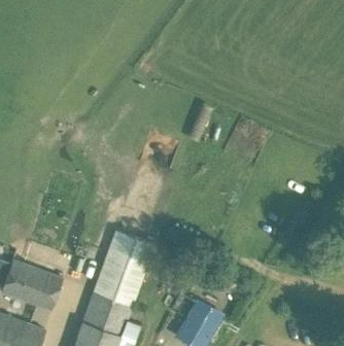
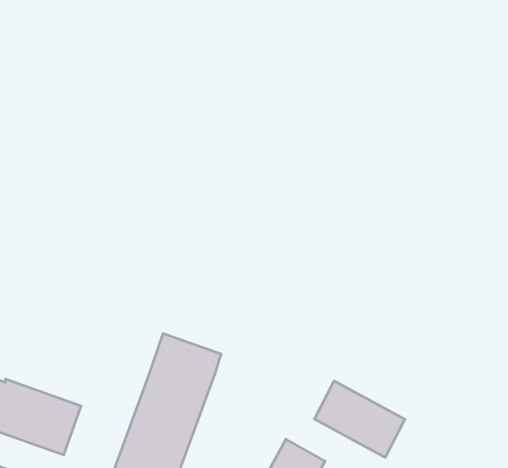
building: none -> [315,381,405,457]

